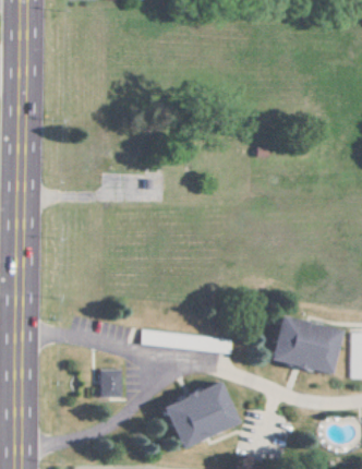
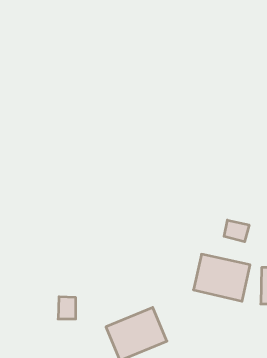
building: none -> [224,220,249,242]
building: [143,328,234,354] -> none

